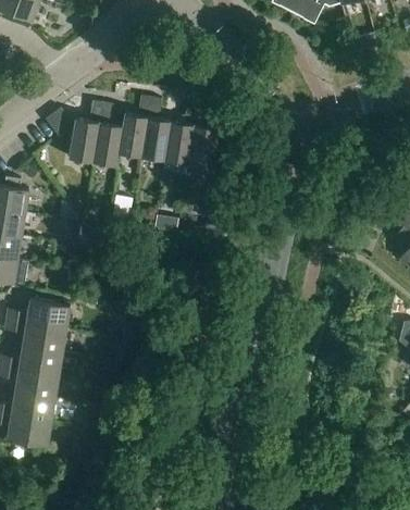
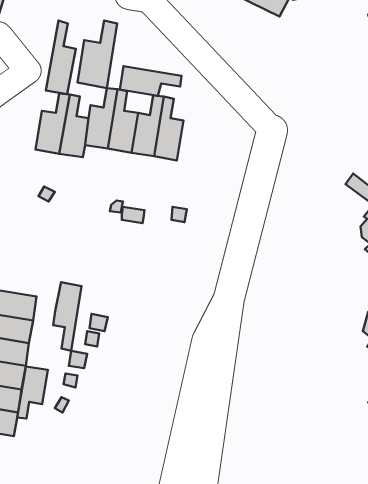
building: none -> [77,20,117,88]
building: none -> [46,21,76,94]
building: none -> [120,66,181,96]
building: none -> [53,282,82,351]
building: none -> [17,367,48,419]

